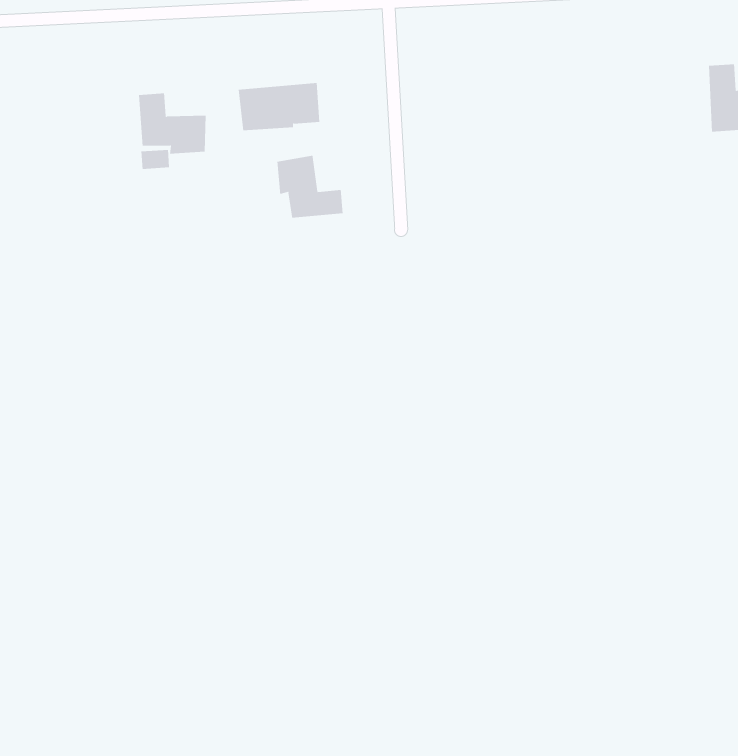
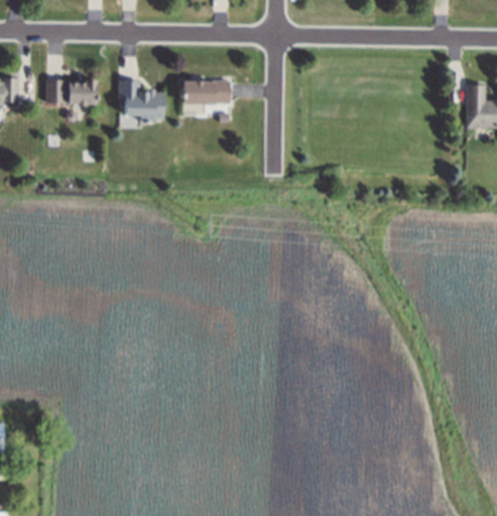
building: none -> [43,81,94,105]
building: [277,155,343,218] -> none

